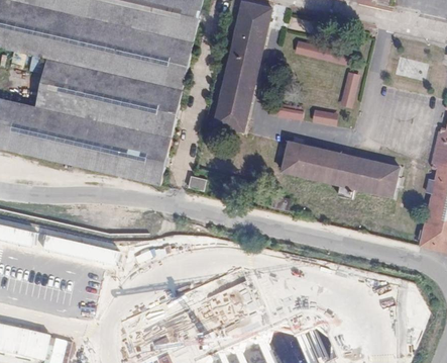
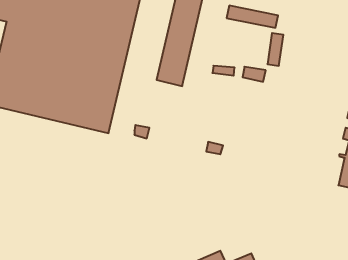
building: [282,142,400,198] -> none

